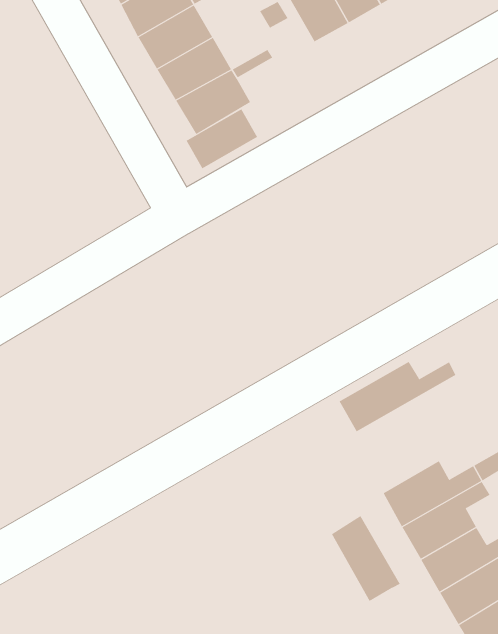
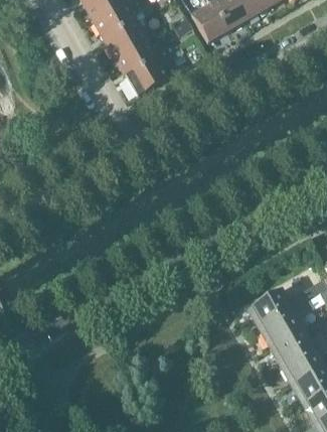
building: [186,109,258,169] -> none
building: [339,361,456,432] -> none
building: [331,515,400,602] -> none

